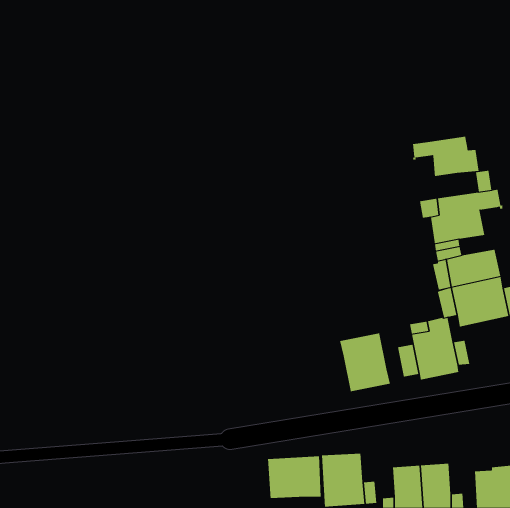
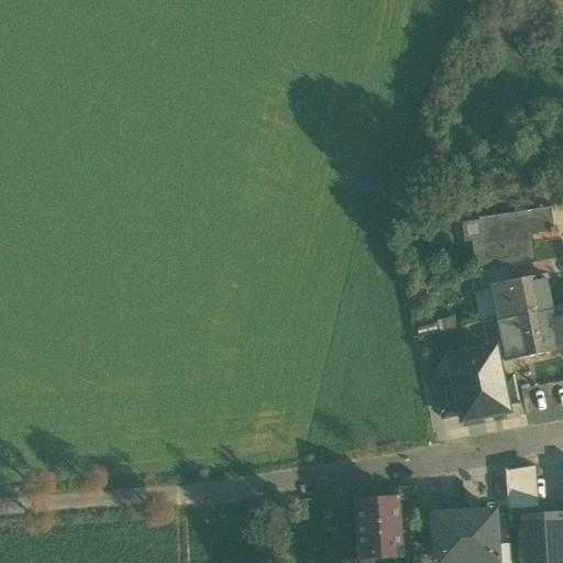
building: [412,136,479,177] -> none
building: [340,333,390,392] -> none
building: none -> [506,464,538,506]
building: [267,456,321,499] -> none

